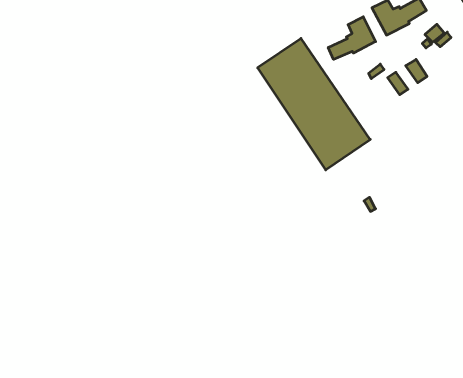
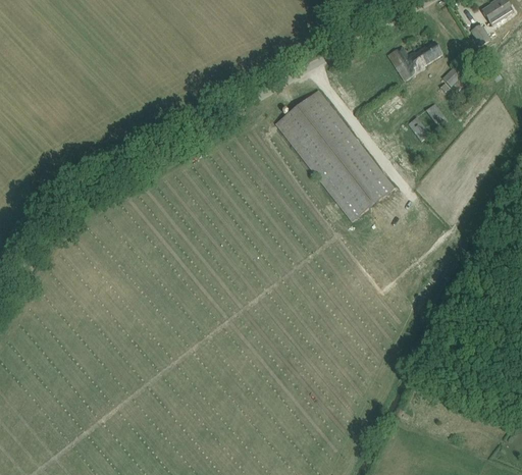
building: [328,17,376,59] -> none

